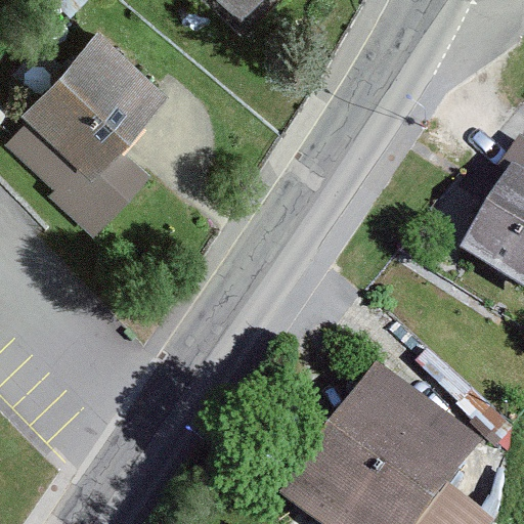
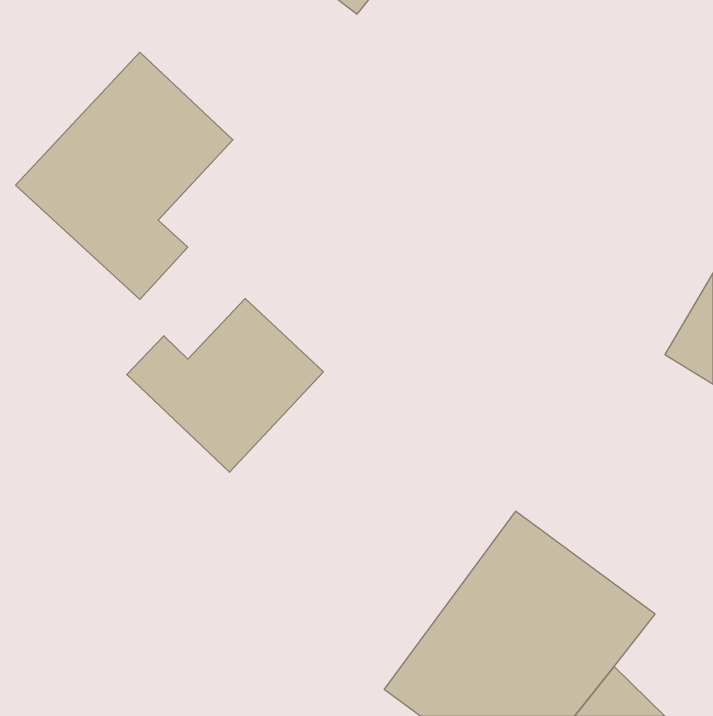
building: none -> [127,299,323,472]

